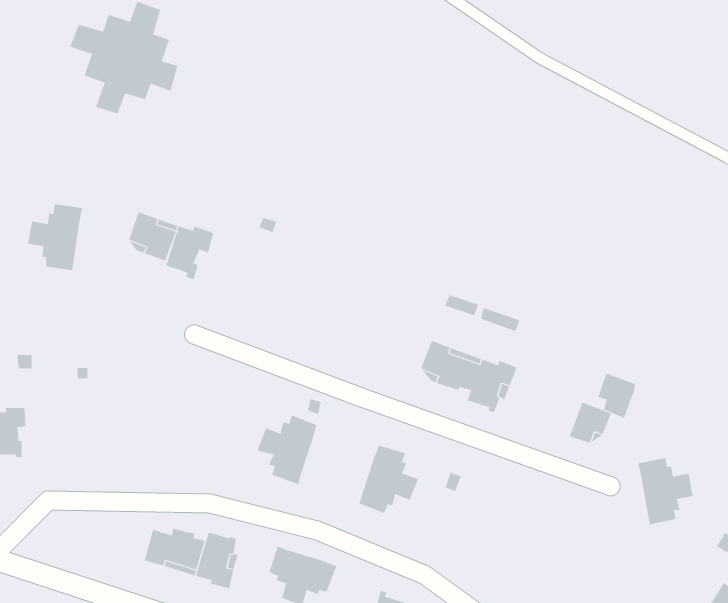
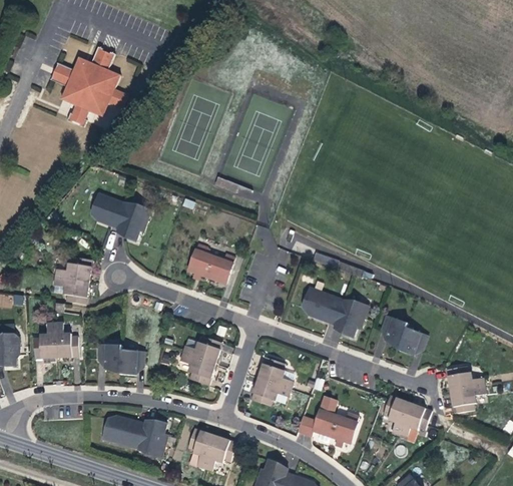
building: [27,204,83,271] -> [54,258,93,305]
building: none -> [189,245,234,284]
building: [597,373,636,419] -> [382,315,409,347]
building: none -> [34,324,79,359]
building: none -> [98,345,144,376]
building: none -> [297,395,360,448]
building: none -> [382,395,432,439]

